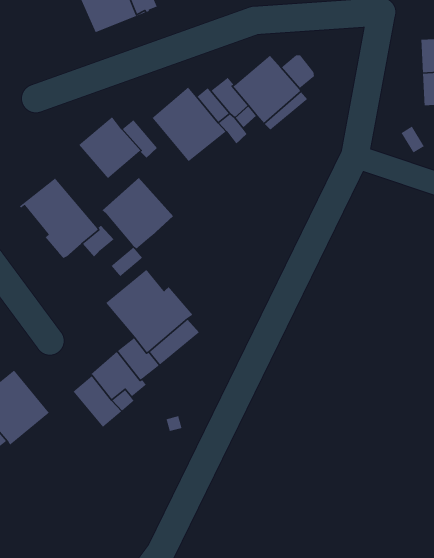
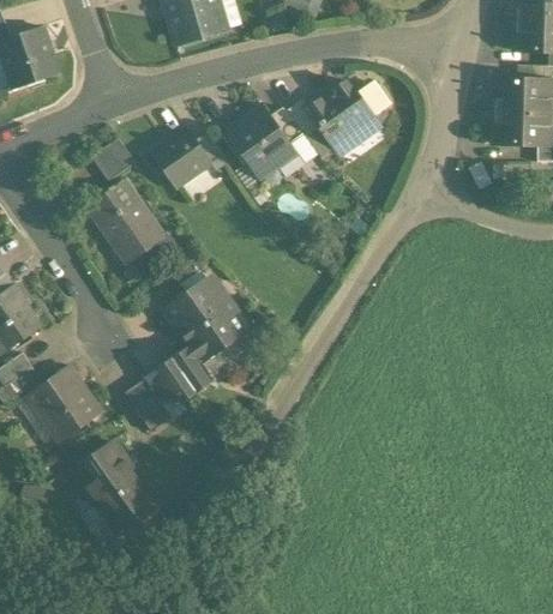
building: none -> [94,139,137,181]
building: [102,177,174,250] -> none
building: none -> [74,441,158,534]

